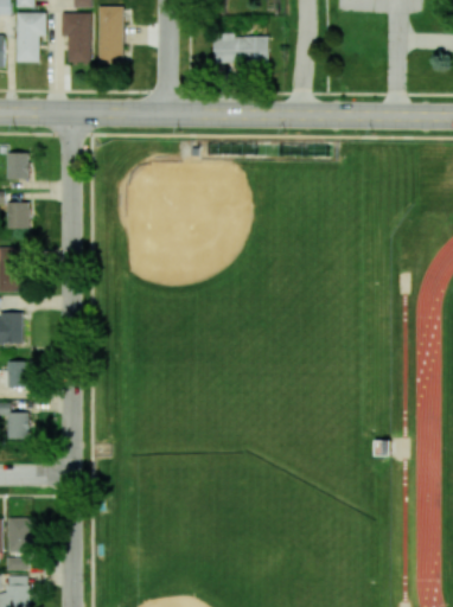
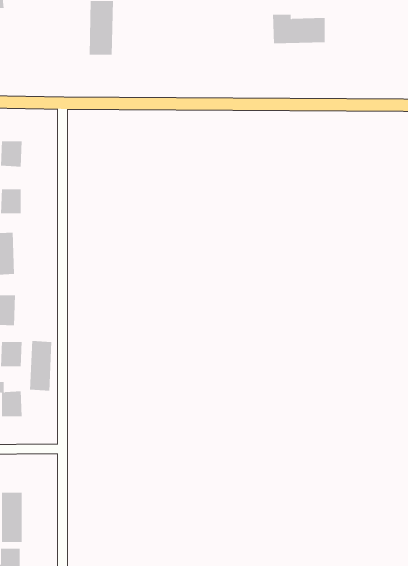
building: [17,13,46,63] -> none
building: [62,13,92,63] -> none
building: [212,33,268,64] -> [272,14,326,44]
building: none -> [30,340,52,391]

